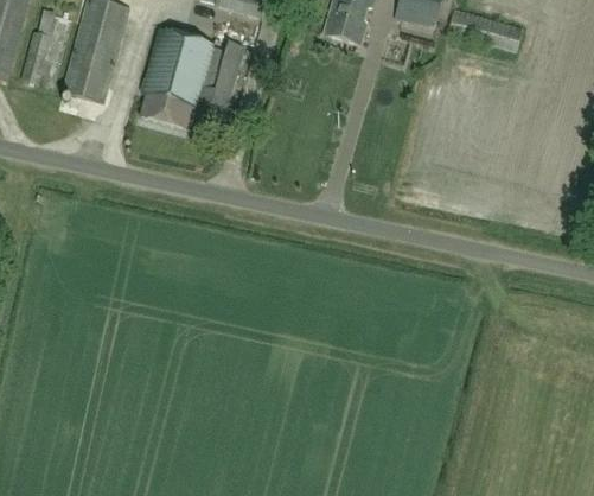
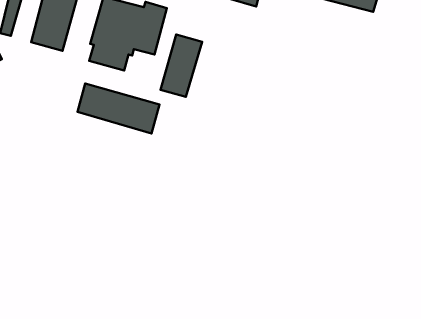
building: none -> [160,34,202,97]
building: none -> [77,84,160,134]

